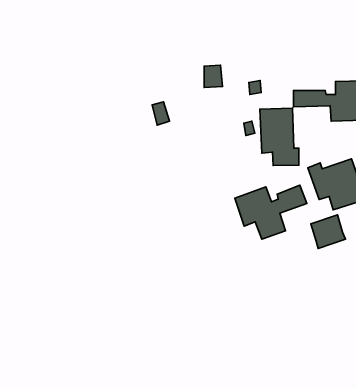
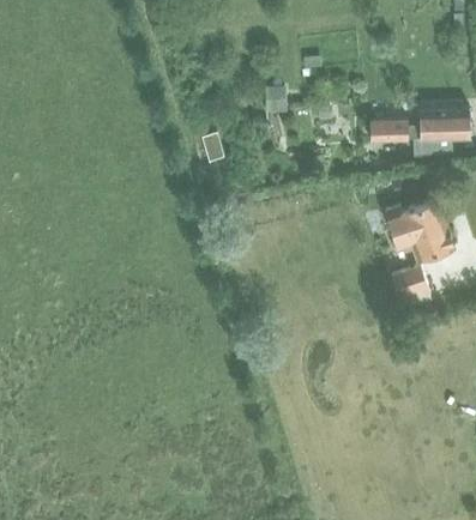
building: [260,108,299,166] -> none
building: [235,185,307,239] -> none

